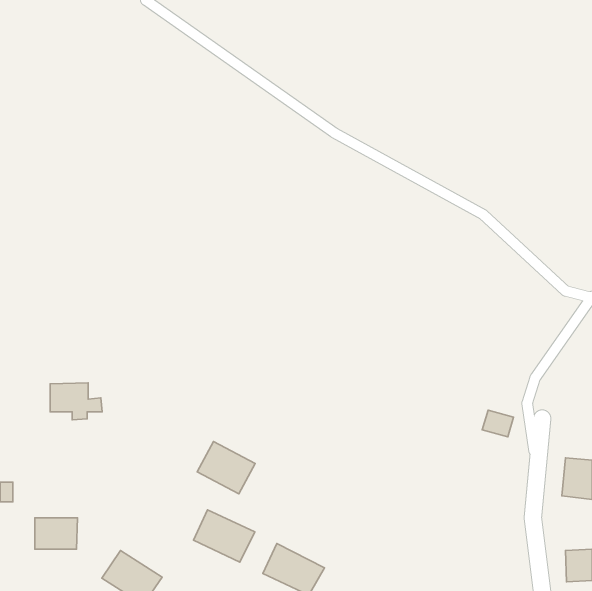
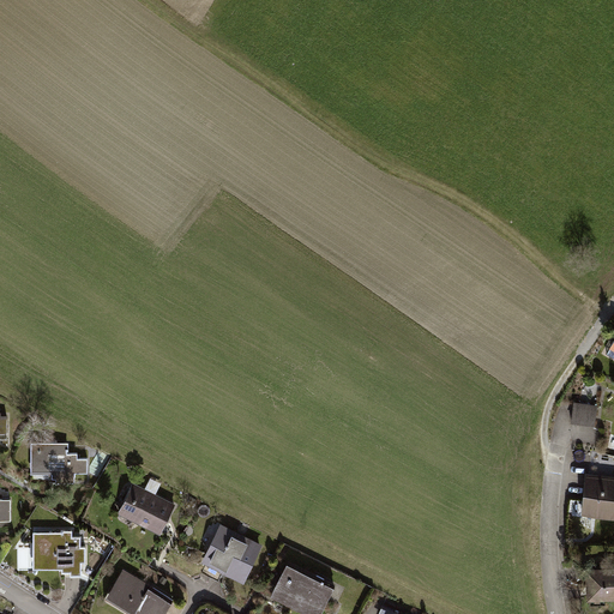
building: [50,383,102,420] -> [32,443,86,481]
building: [482,410,514,437] -> [566,402,598,429]
building: [197,442,255,494] -> [116,482,176,536]

